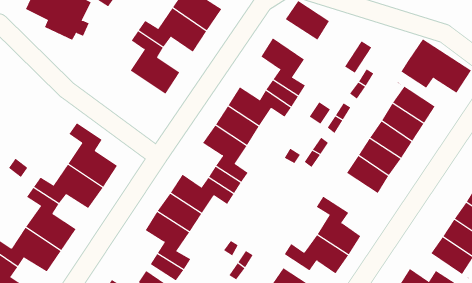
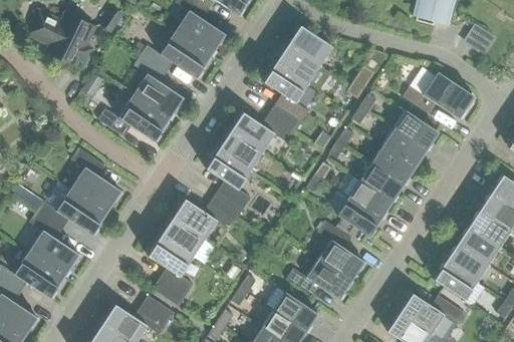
building: none -> [275,45,320,85]
building: none -> [98,96,169,141]
building: none -> [330,199,380,237]

